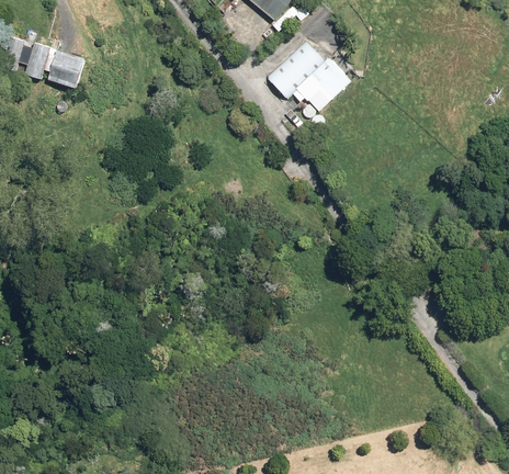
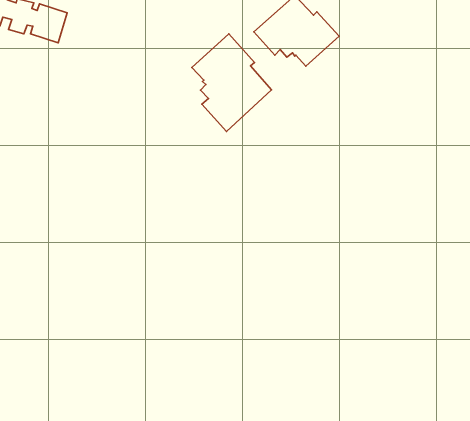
building: none -> [192,34,272,131]

